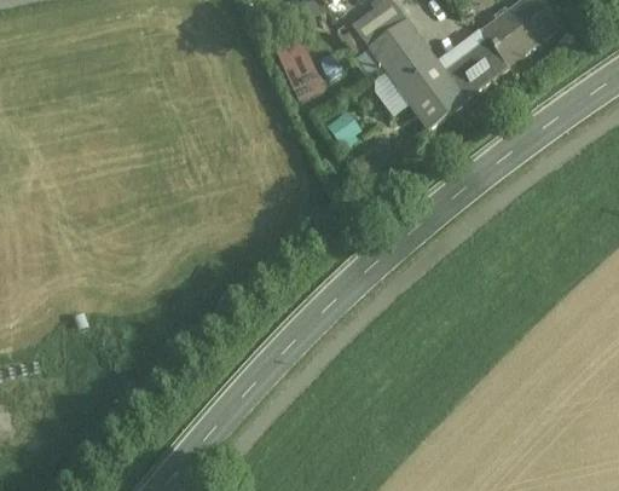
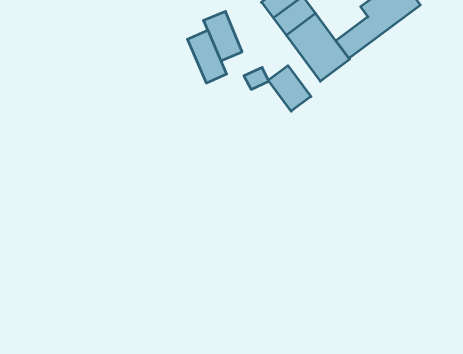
building: none -> [187,30,227,83]
building: none -> [268,66,311,111]

